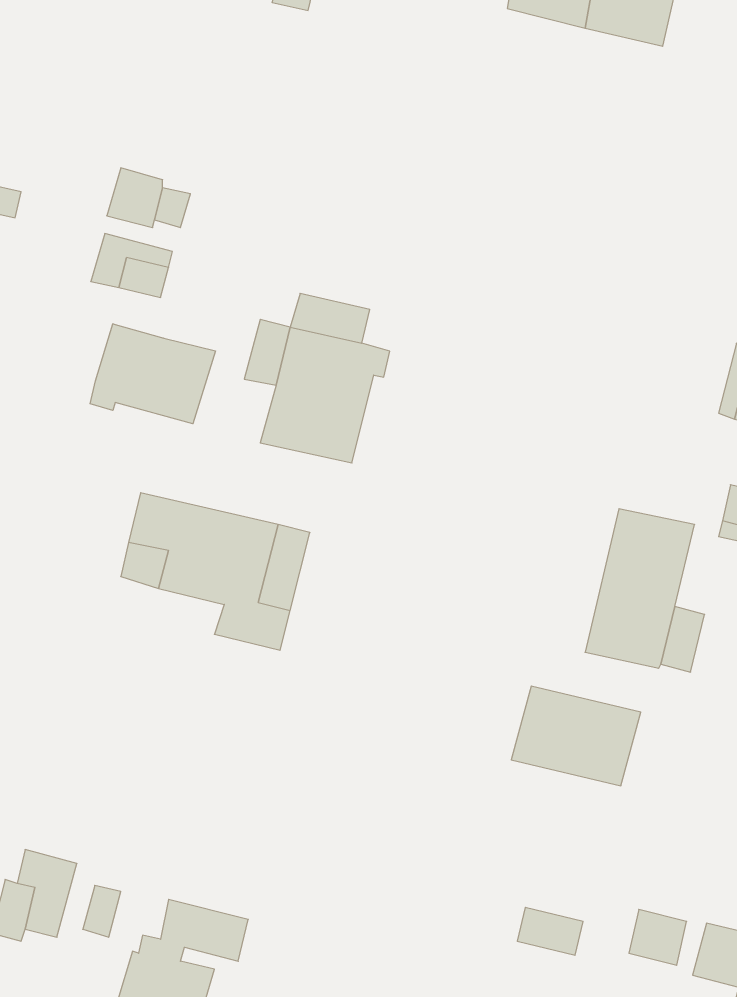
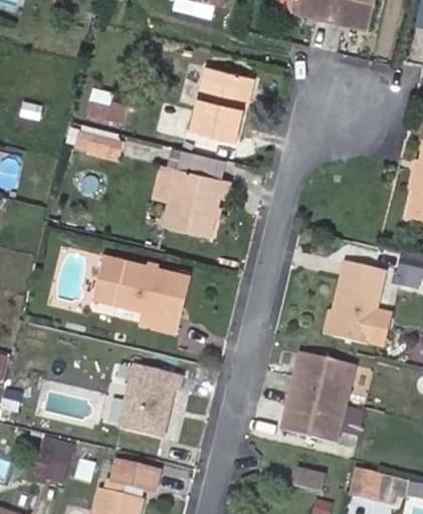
building: none -> [191,67,249,143]
building: [90,324,215,424] -> none
building: none -> [121,360,184,439]
building: none -> [281,390,346,443]

